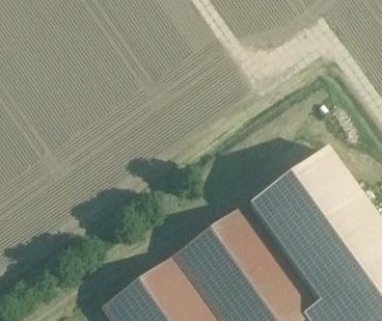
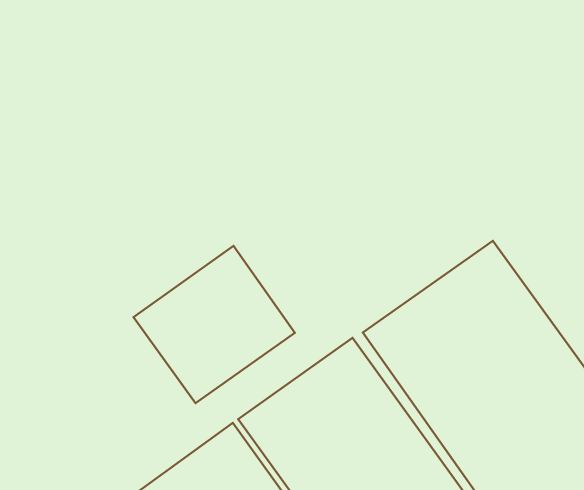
building: none -> [134,246,295,403]

